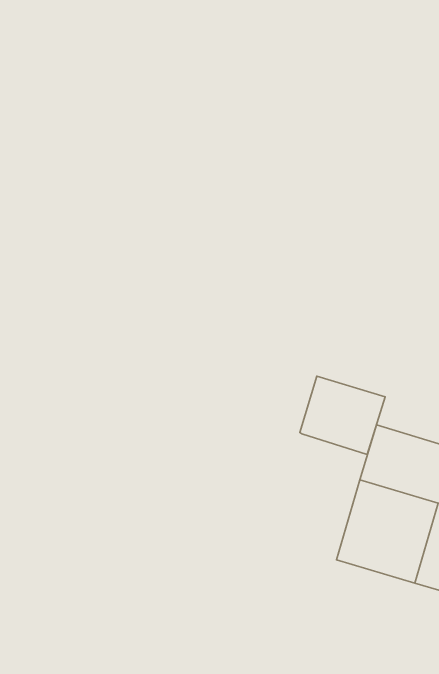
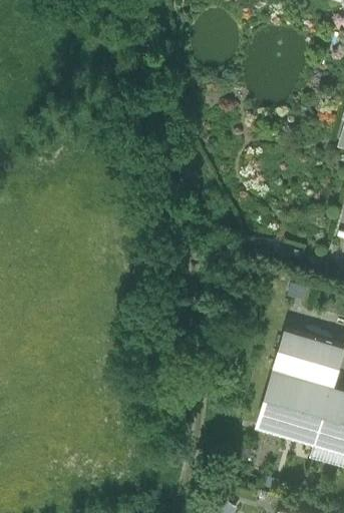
building: [300,376,385,454] -> none

